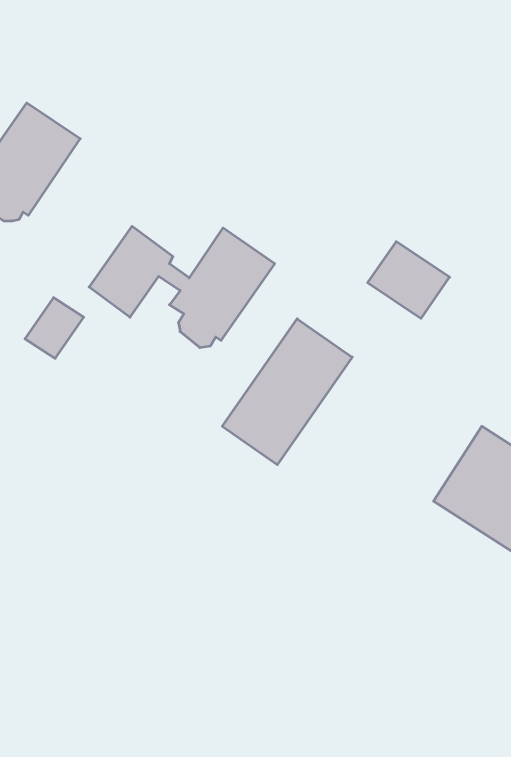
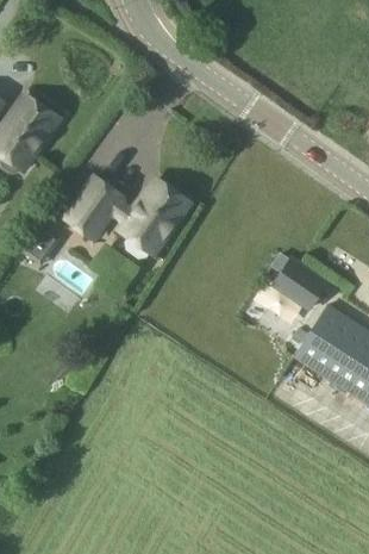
building: [368,242,450,318] -> [273,257,327,309]
building: [222,319,352,465] -> none

